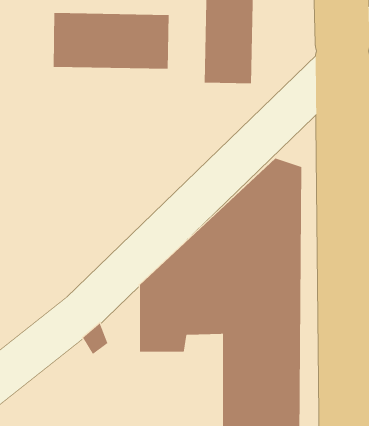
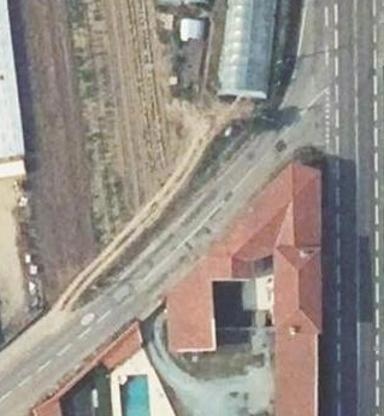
building: [53,12,169,70] -> none

